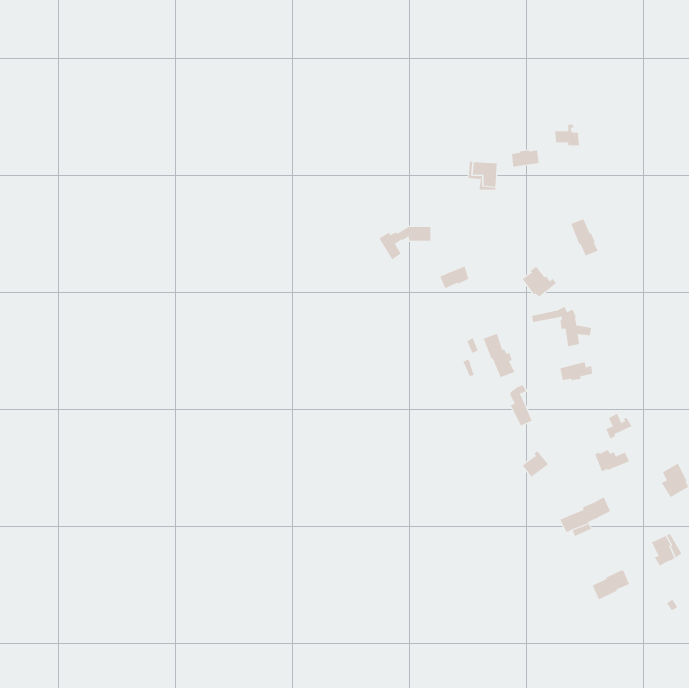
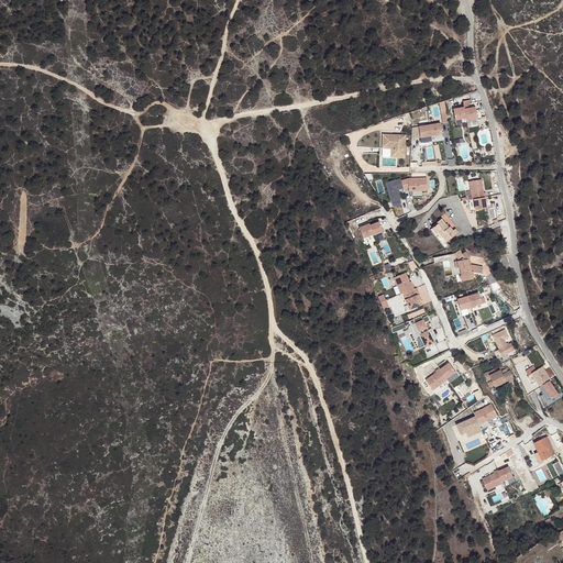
building: [378,226,431,260] -> [382,178,424,206]

